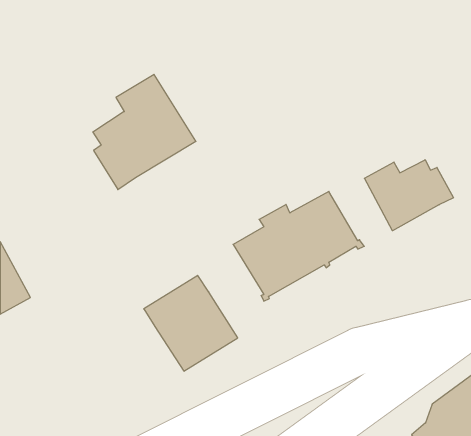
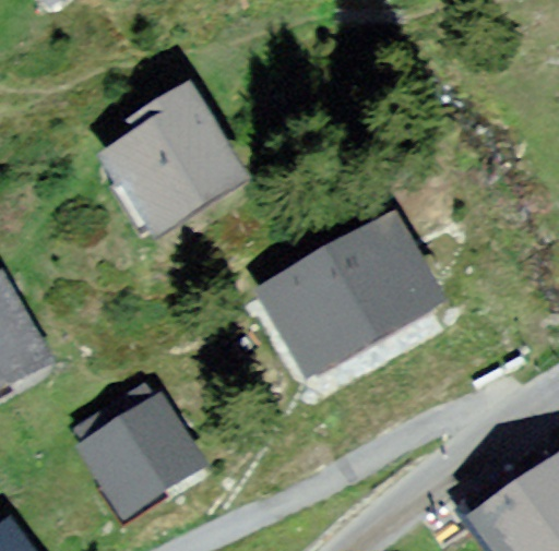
building: [364,160,453,231] -> none
building: [144,275,238,371] -> [84,394,194,506]

